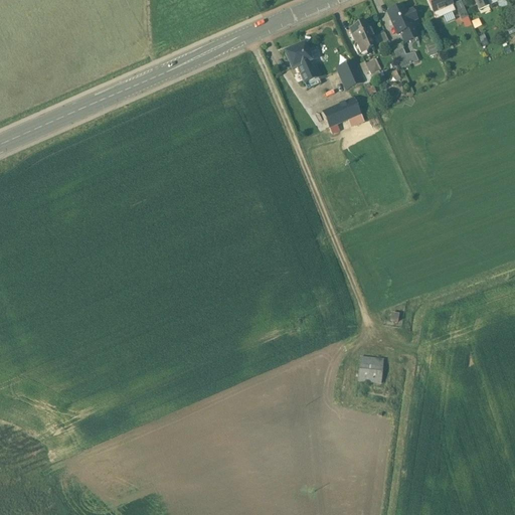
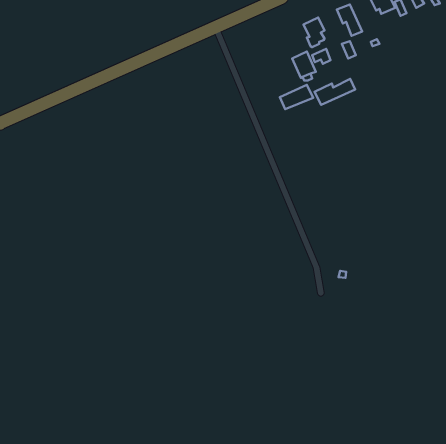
building: [286,42,319,82] -> none
building: none -> [314,79,355,105]
building: [358,356,384,378] -> none

